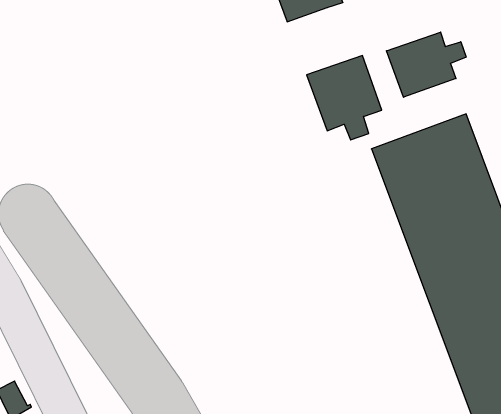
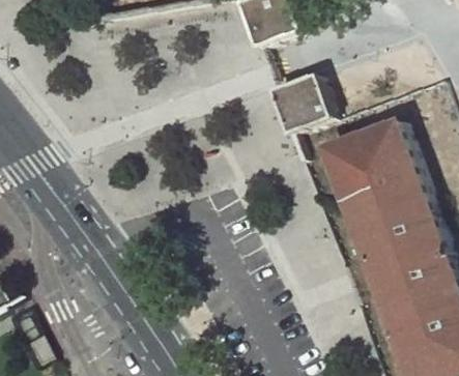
building: [386,32,466,97] -> none

